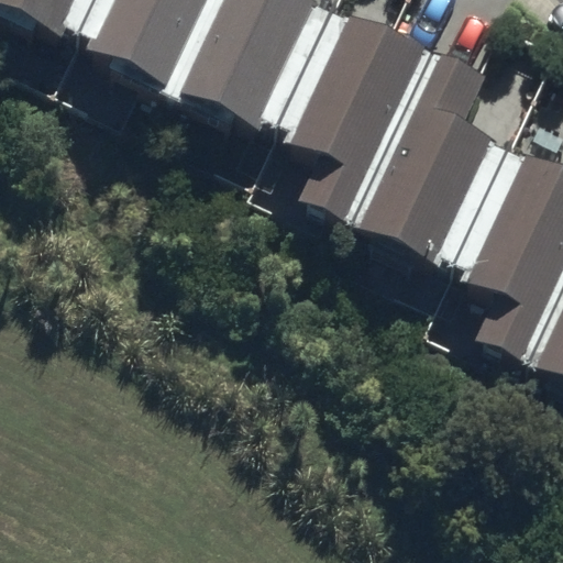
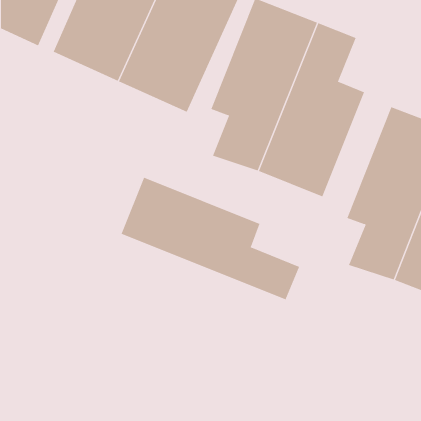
building: none -> [121,177,300,300]

